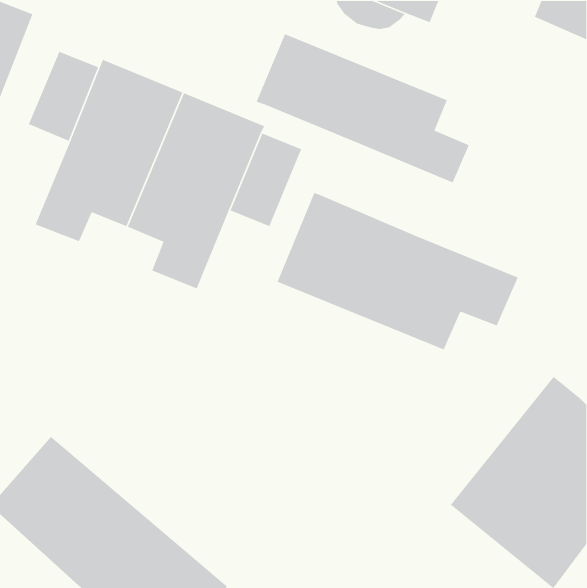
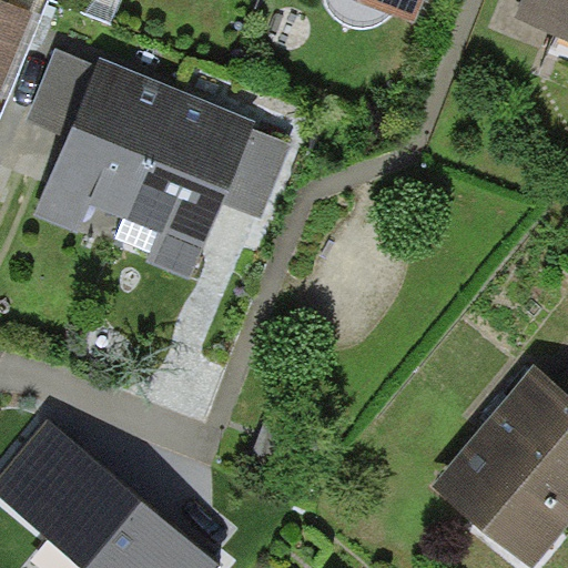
building: [256,33,470,183] -> none
building: [277,192,519,351] -> none

